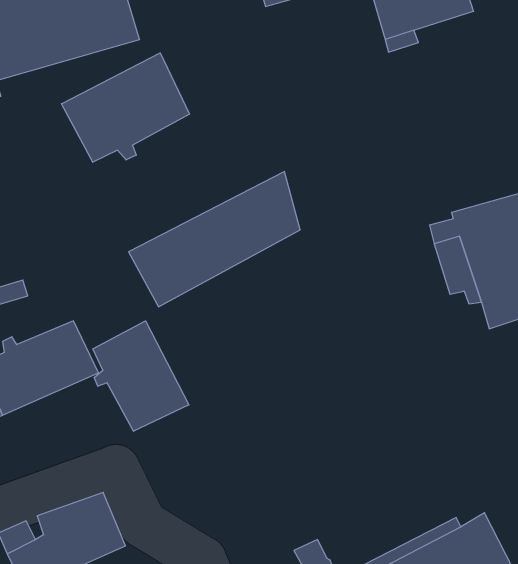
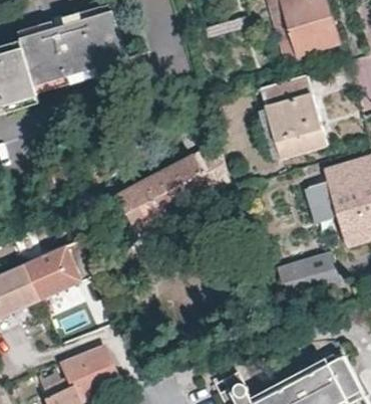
building: [61,53,189,162] -> none
building: none -> [257,68,325,156]
building: [93,321,189,431] -> none
building: none -> [278,251,342,299]

